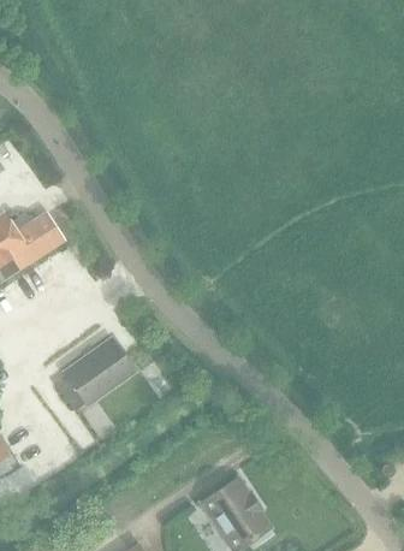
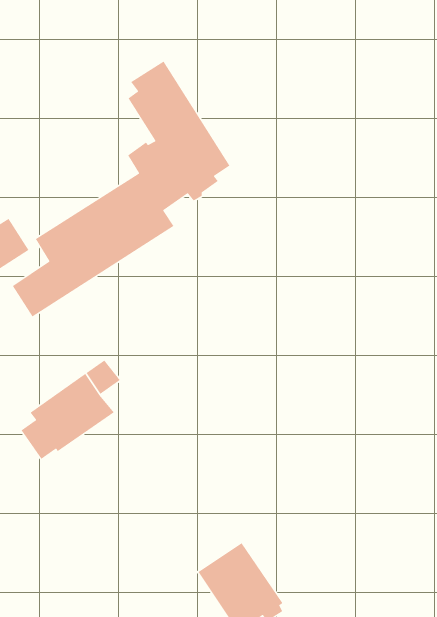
building: none -> [12,61,231,318]

